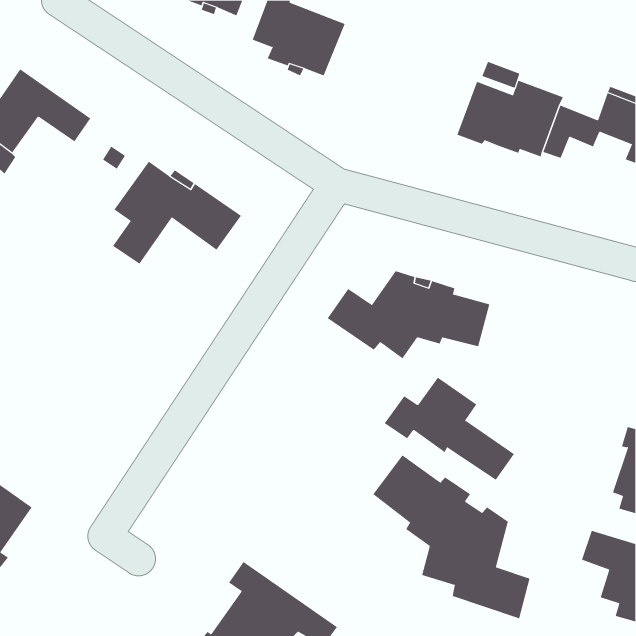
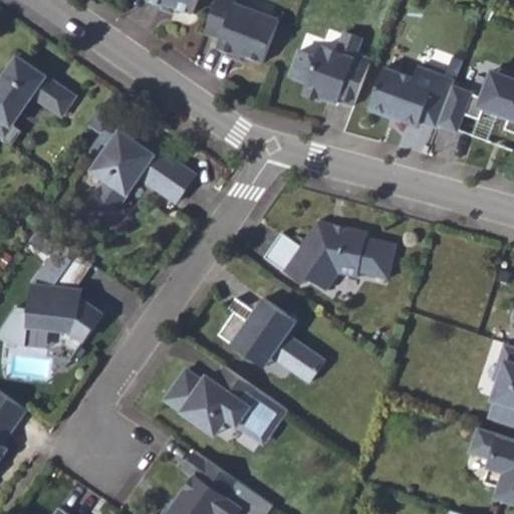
building: none -> [289,31,370,105]
building: none -> [27,243,101,346]
building: [384,377,515,480] -> [217,297,322,380]
building: none -> [164,366,285,439]
building: [373,455,530,619] -> none

